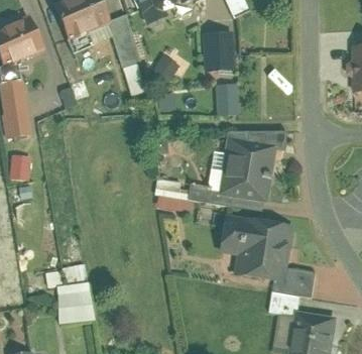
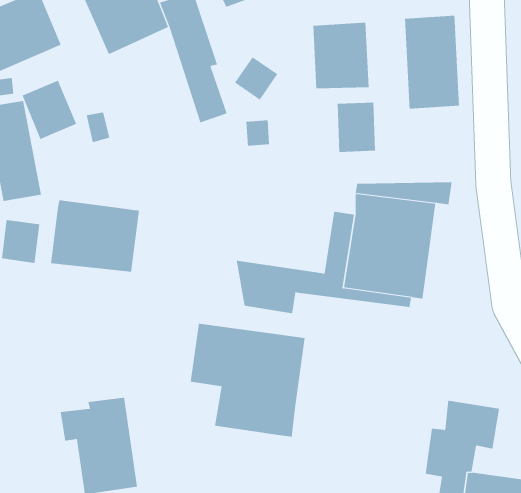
building: none -> [405,15,460,110]
building: none -> [22,80,77,140]
building: none -> [51,200,140,273]
building: [220,214,291,284] -> [190,323,306,437]

